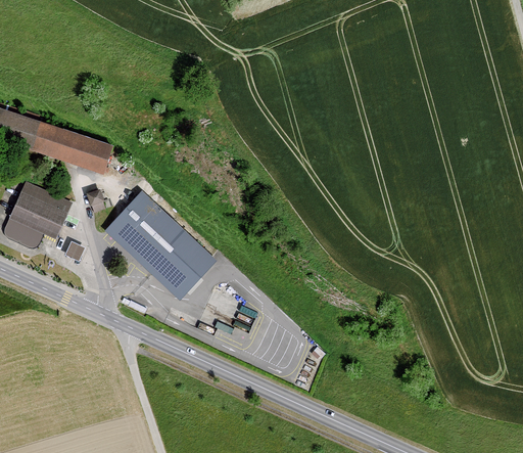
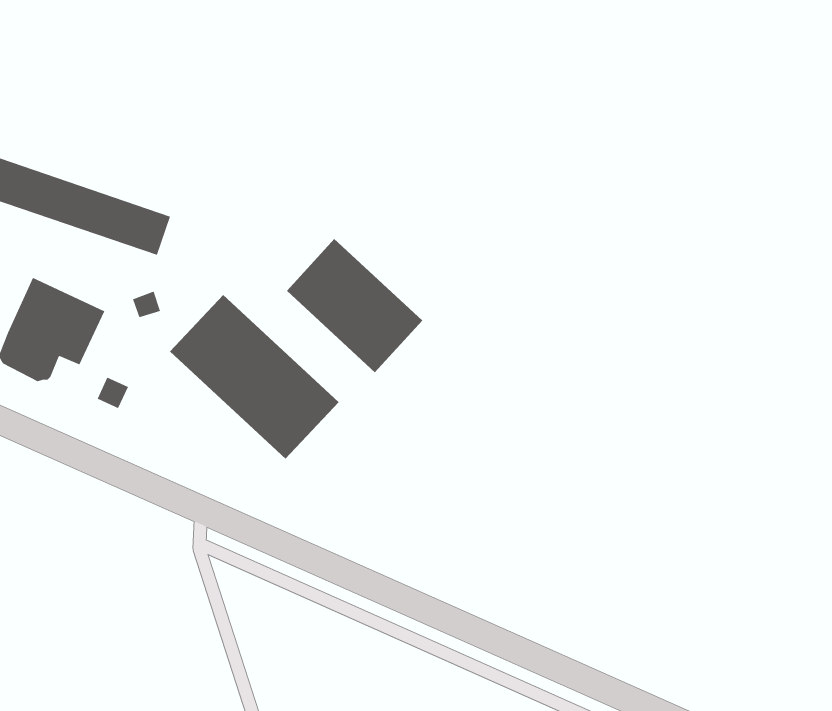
building: none -> [286,238,423,373]

